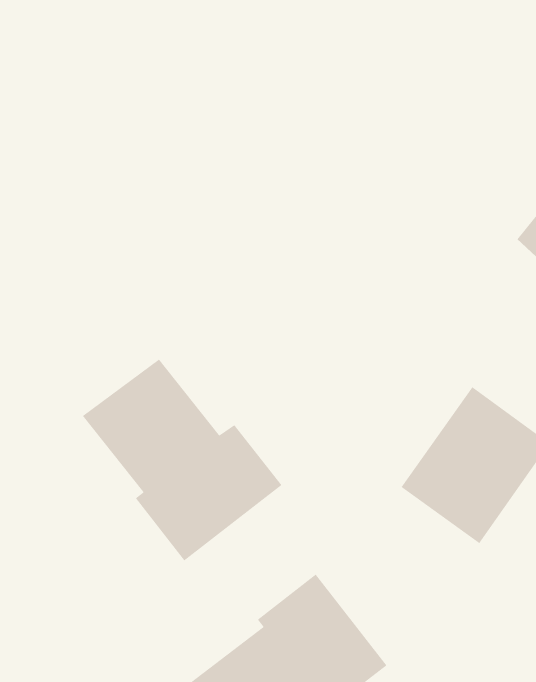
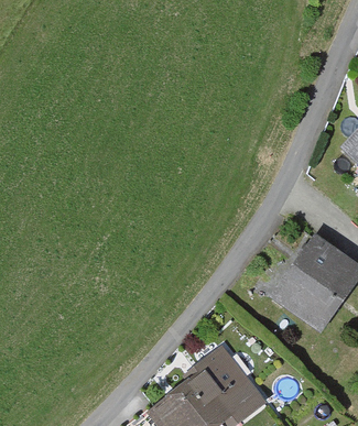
building: [82,358,282,562] -> none

